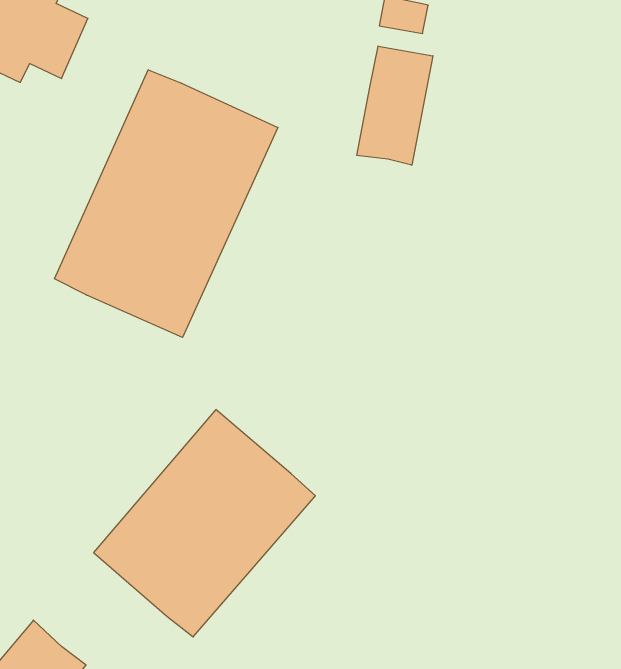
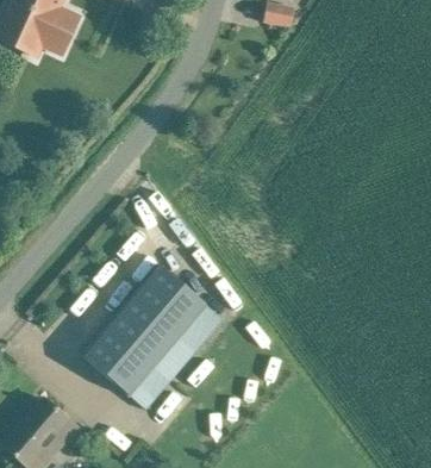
building: [357,46,433,165] -> none
building: [55,70,278,337] -> none

